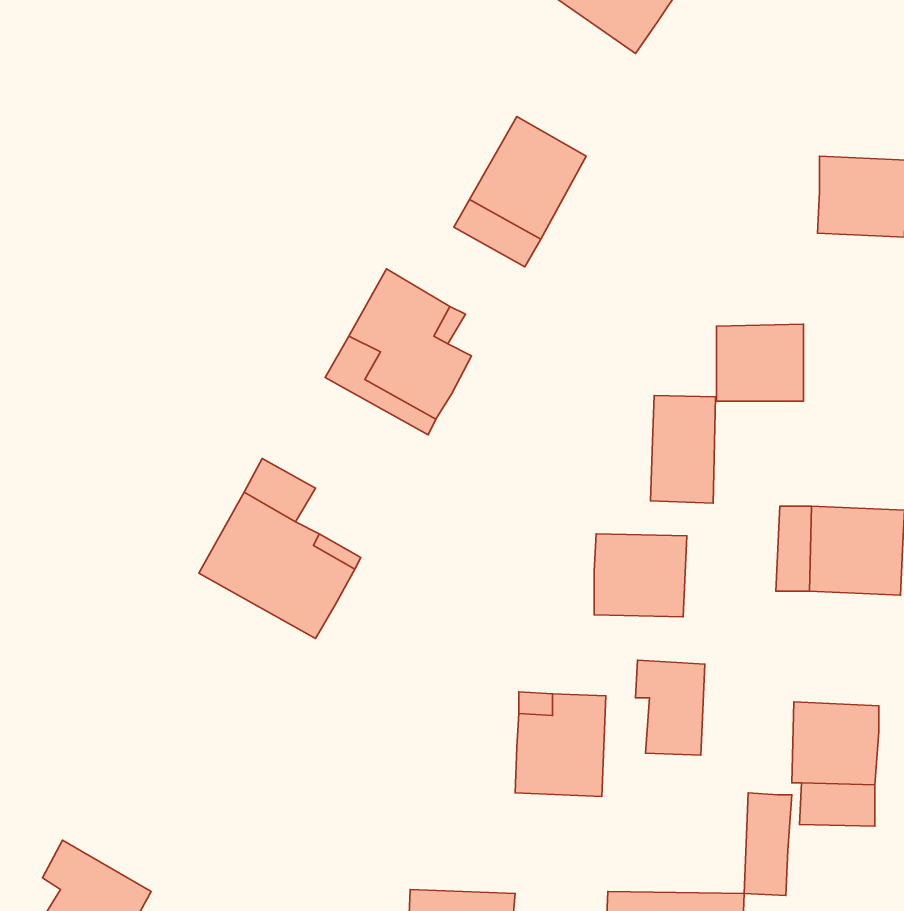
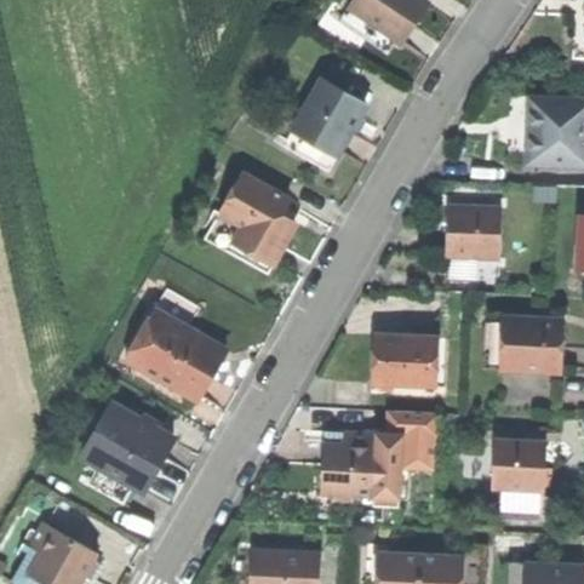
building: [650,396,716,503] -> none
building: none -> [85,403,176,491]
building: [744,793,792,896] -> [376,434,405,497]

